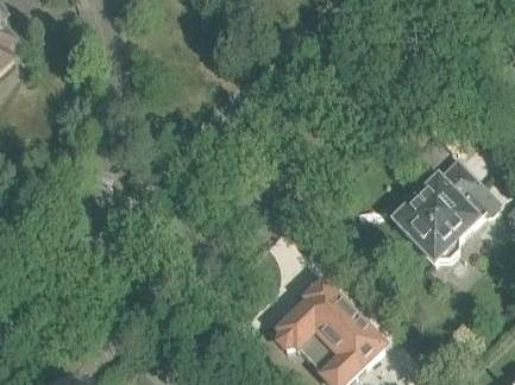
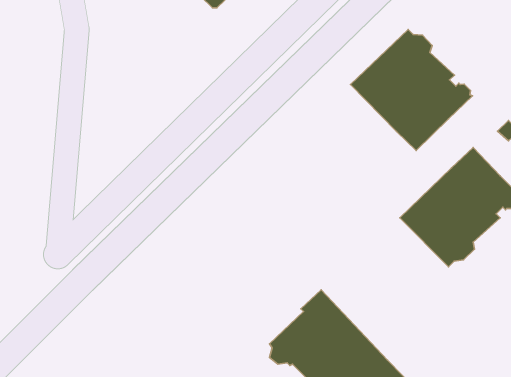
building: none -> [351,29,472,151]

